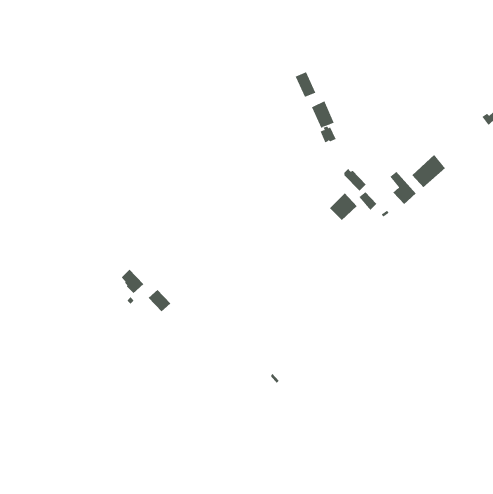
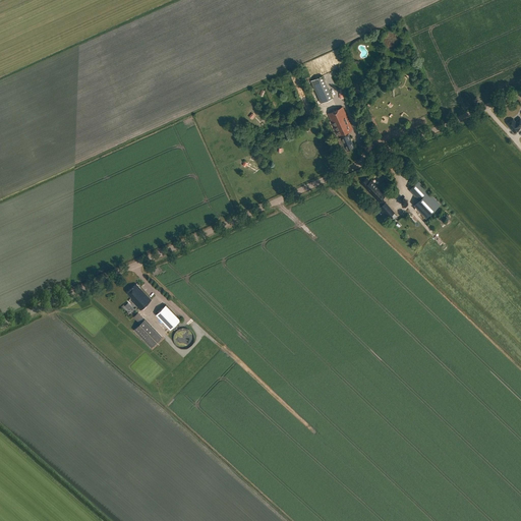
building: [411,154,446,188] -> none
building: [329,193,357,221] -> none
building: none -> [134,319,162,347]

